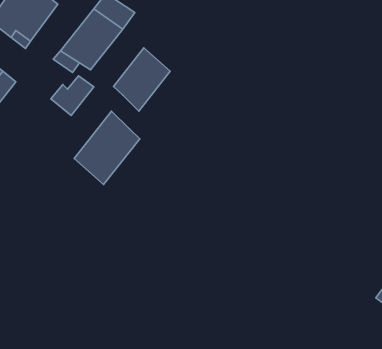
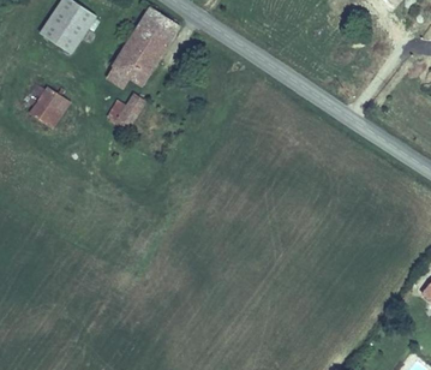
building: [113,48,170,111] -> none
building: [74,111,140,184] -> none

